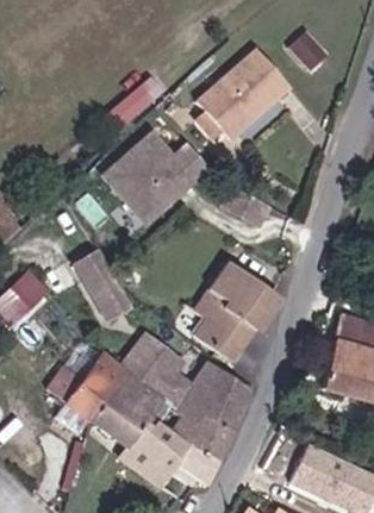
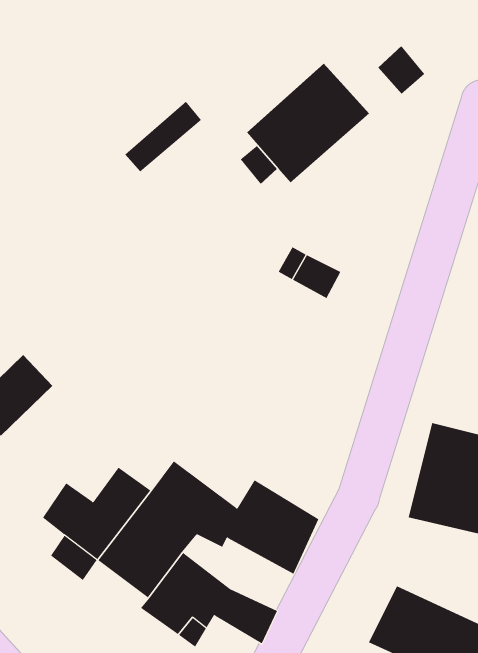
building: [104,132,210,223] -> none
building: [80,248,136,323] -> none
building: [193,263,275,362] -> none
building: [150,402,233,459] -> none

